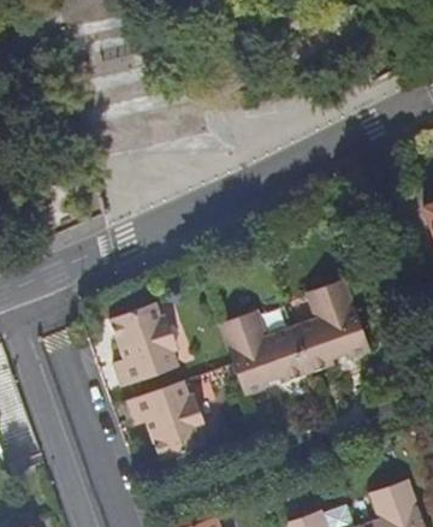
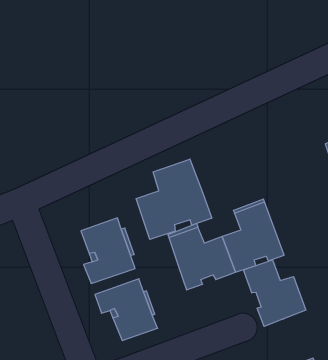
building: none -> [136,159,212,239]
building: none -> [244,260,306,326]

